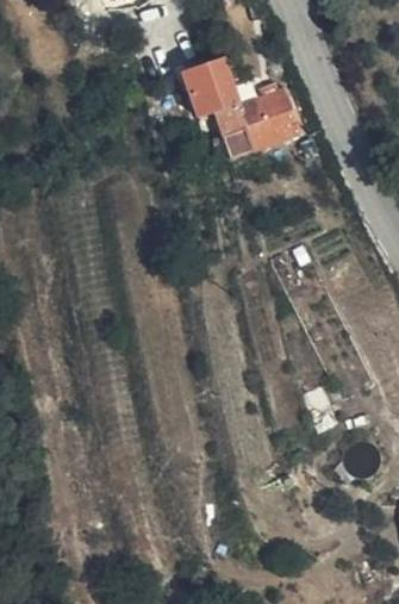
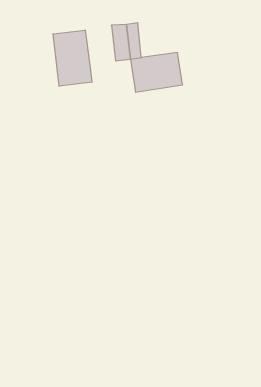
building: none -> [53,30,92,86]

